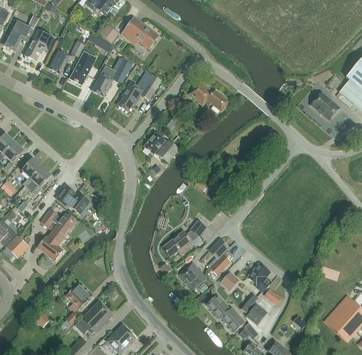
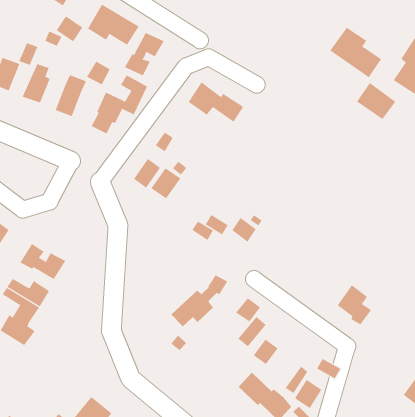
building: none -> [124,32,164,76]
building: none -> [330,27,382,78]
building: [179,262,204,290] -> none
building: [247,262,272,292] -> [337,285,372,325]
building: [65,282,92,309] -> none

